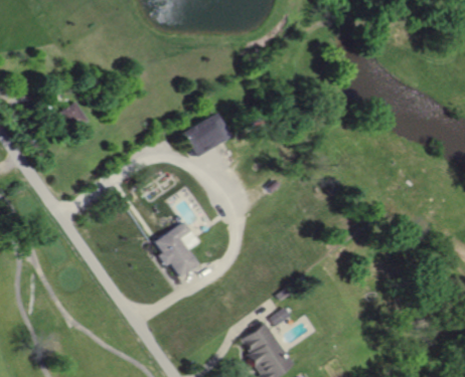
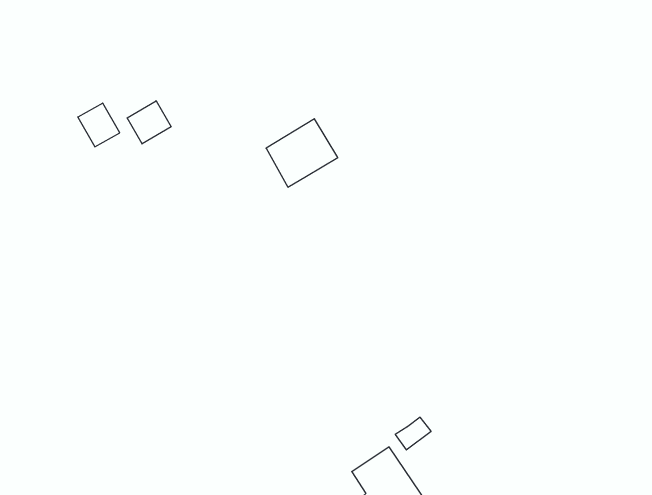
building: none -> [127,101,171,144]
building: [155,221,201,278] -> none

